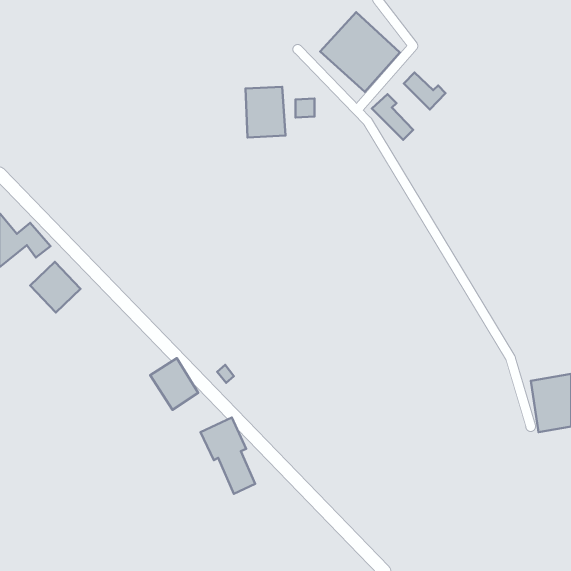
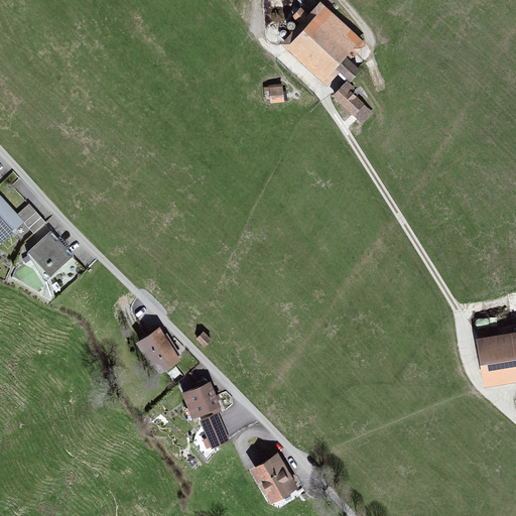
building: [404,73,446,110] -> none
building: [245,87,285,138] -> none
building: none -> [248,447,296,499]

